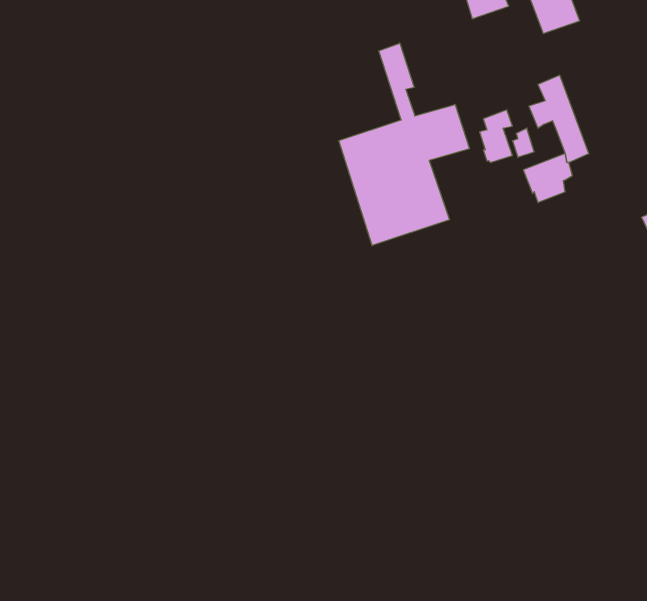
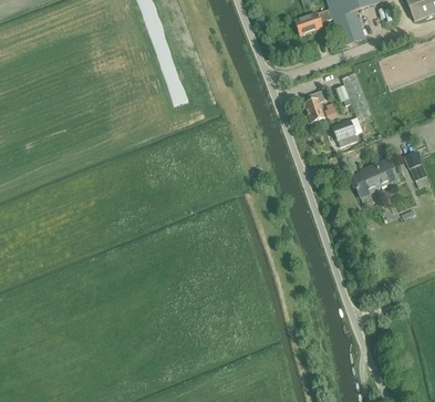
building: [339,43,470,246] -> none
building: none -> [351,158,396,197]

